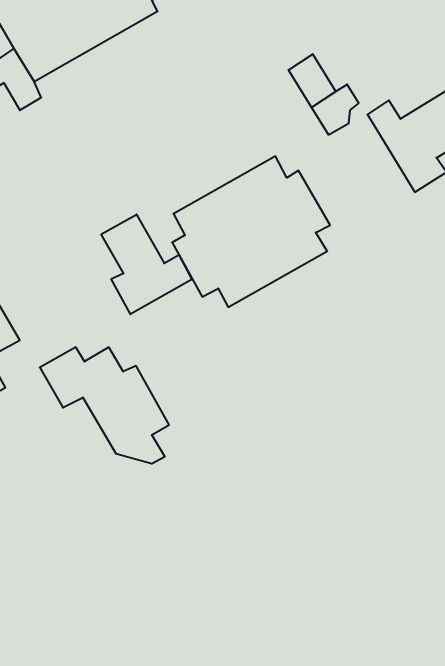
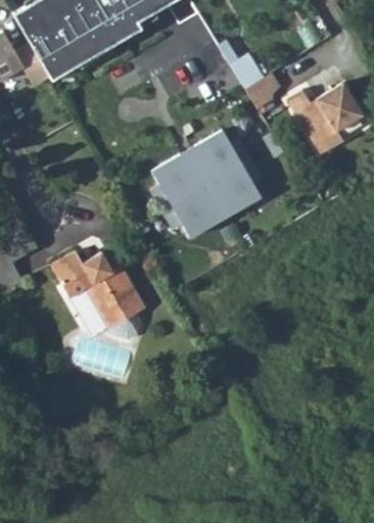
building: [101,214,192,314] -> none

